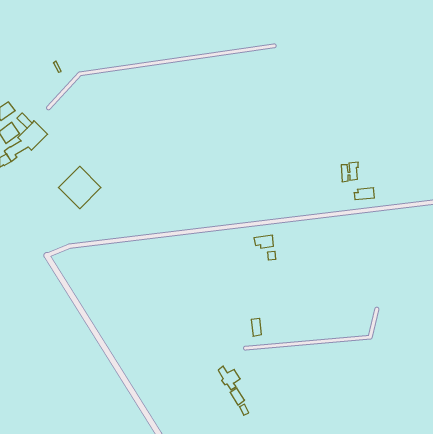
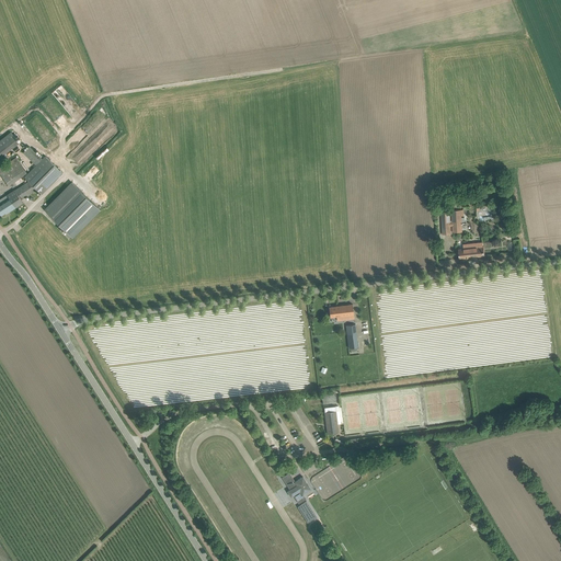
building: [58,166,101,209] -> [44,182,99,237]

